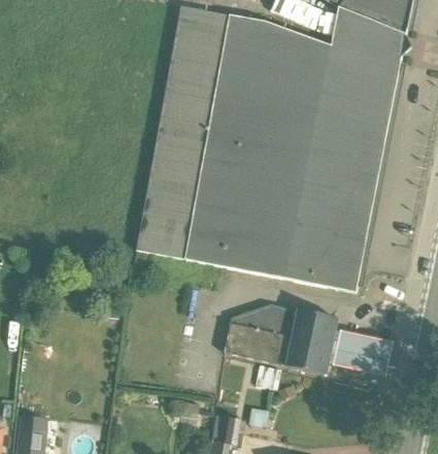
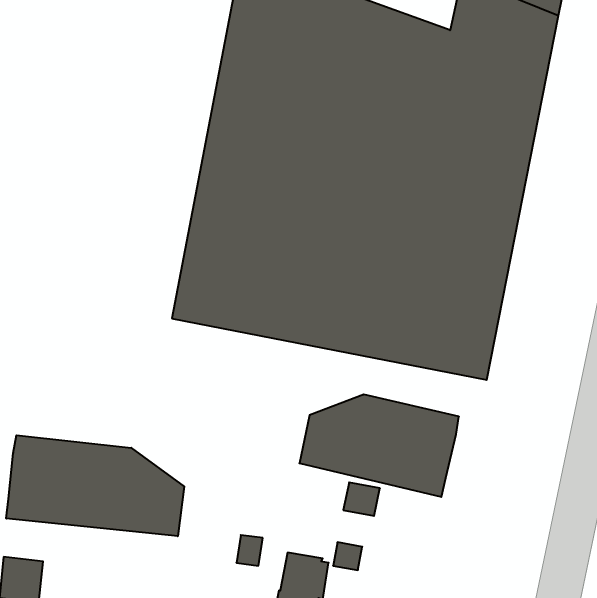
building: [327,330,392,375] -> none
building: none -> [6,435,184,536]

